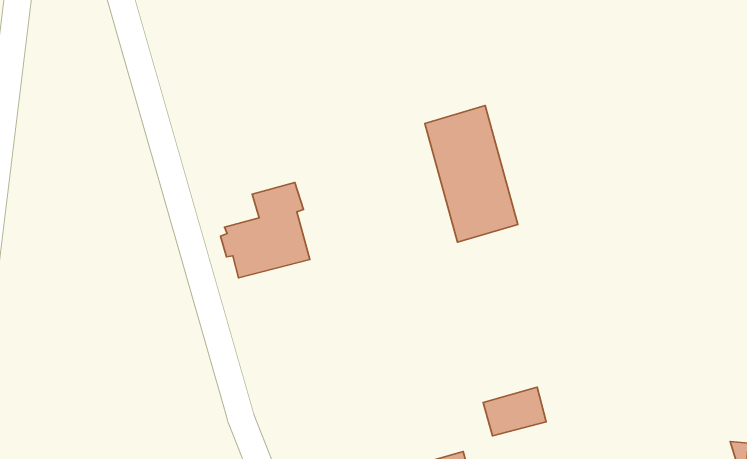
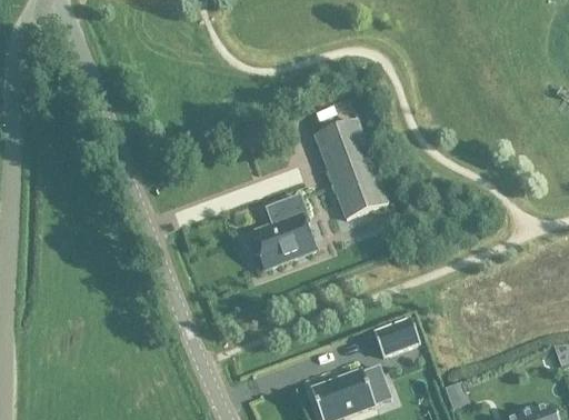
building: [221,182,310,278] -> [249,193,315,266]

